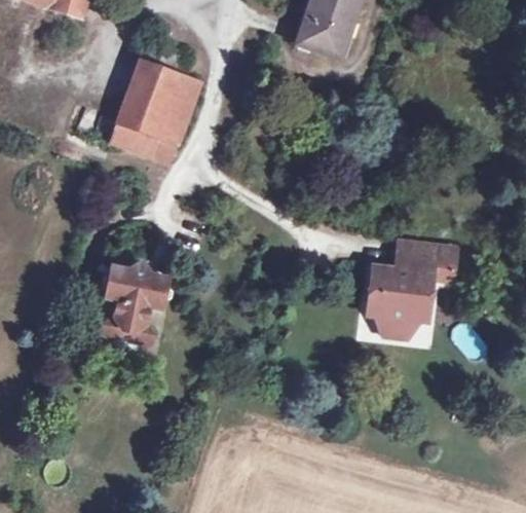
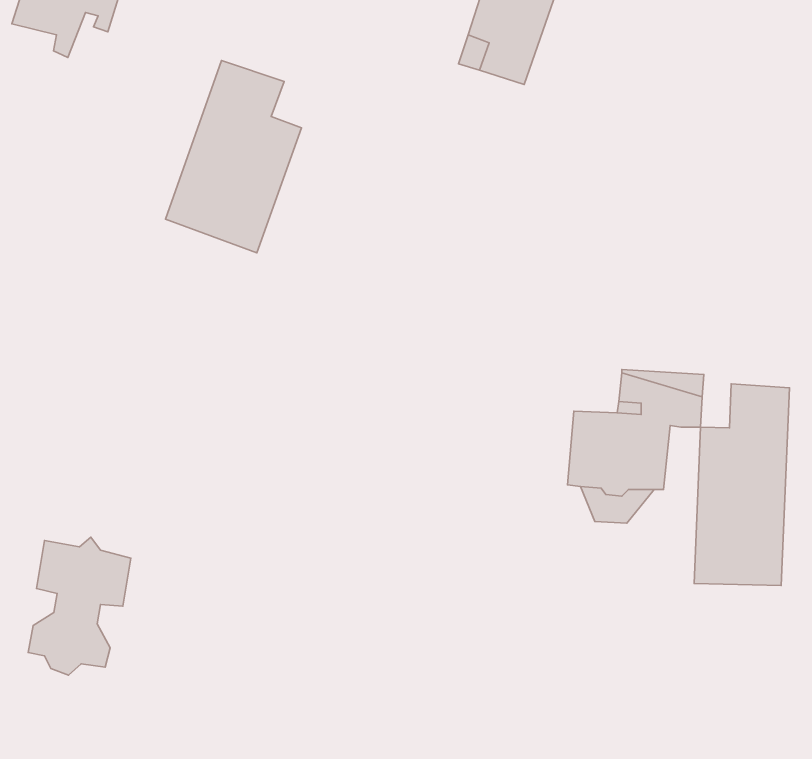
building: none -> [694,384,790,586]
building: [103,262,168,351] -> [28,537,131,675]

